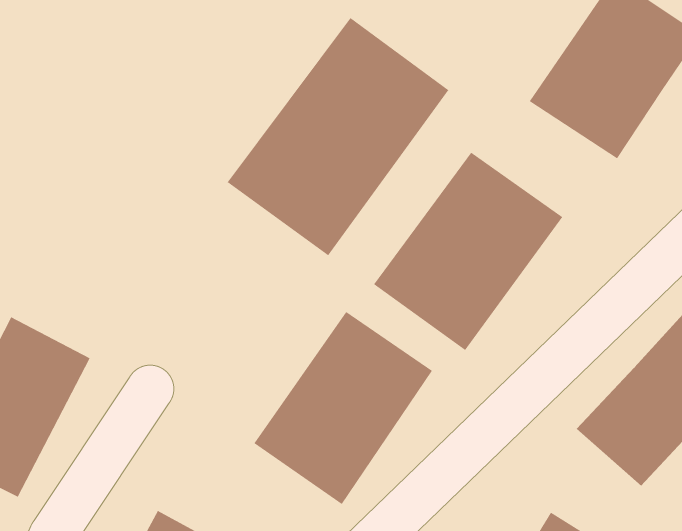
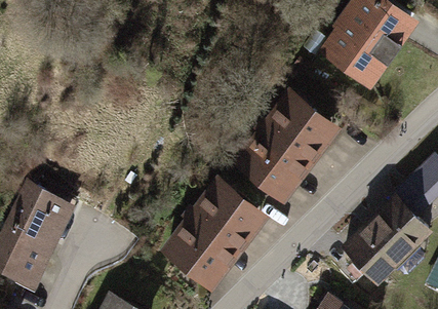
building: [227,17,449,256] -> none

